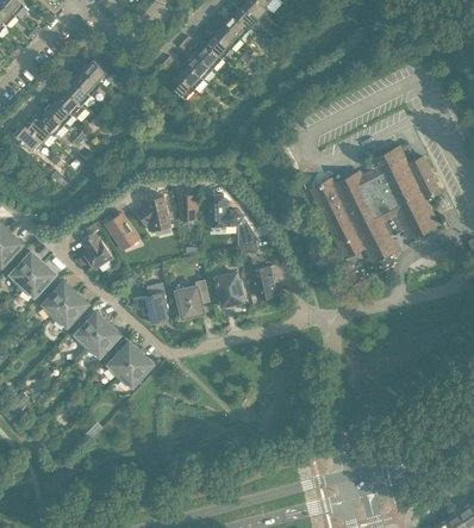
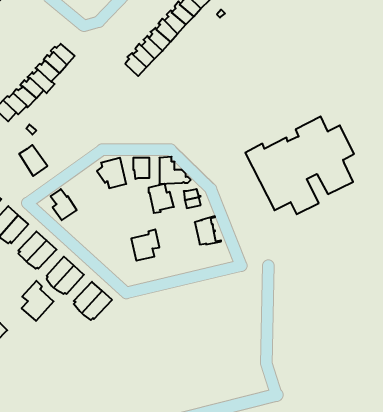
building: [106,213,139,250] -> [19,145,47,176]
building: [217,273,247,308] -> [149,184,174,213]
building: [133,282,169,323] -> none
building: none -> [22,281,54,321]

